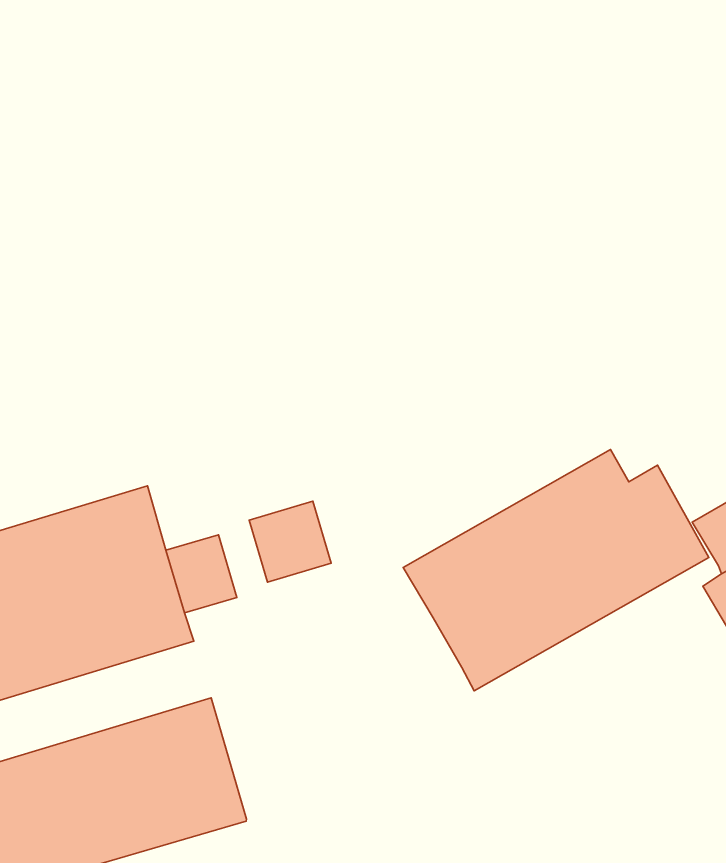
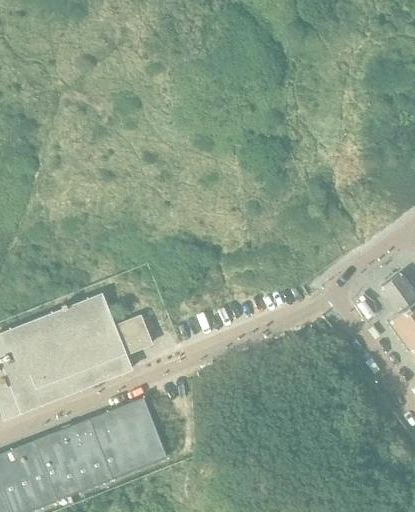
building: [403,450,709,691] -> none
building: [249,501,331,582] -> none

